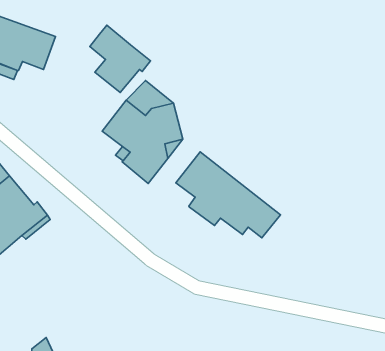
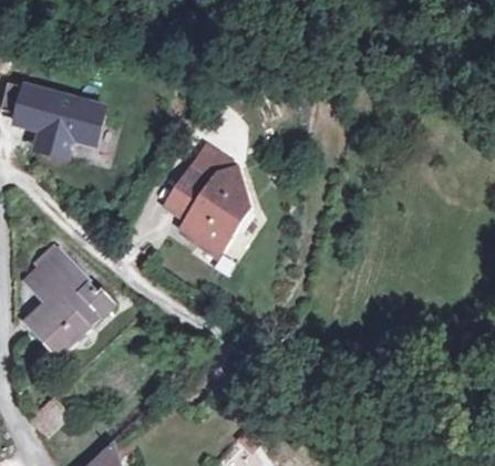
building: [90,25,150,93] -> none
building: [176,152,281,238] -> none

